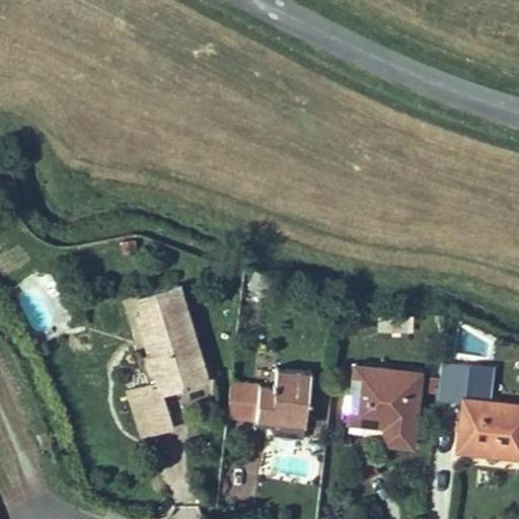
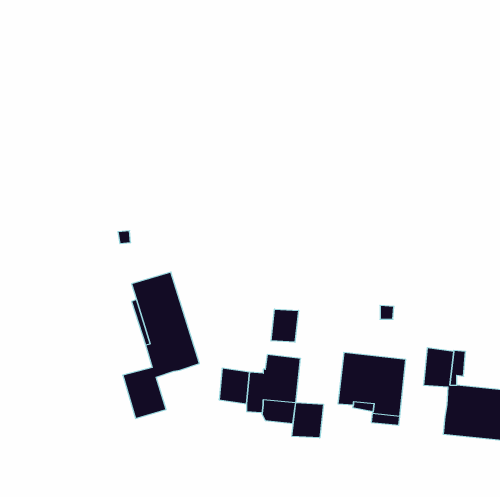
building: none -> [271,309,298,342]
building: none -> [292,403,323,438]

